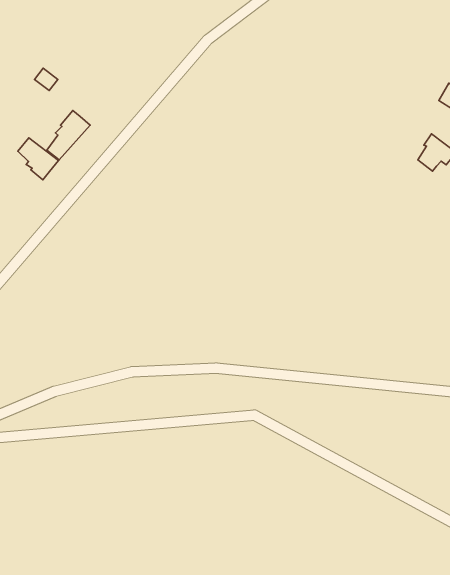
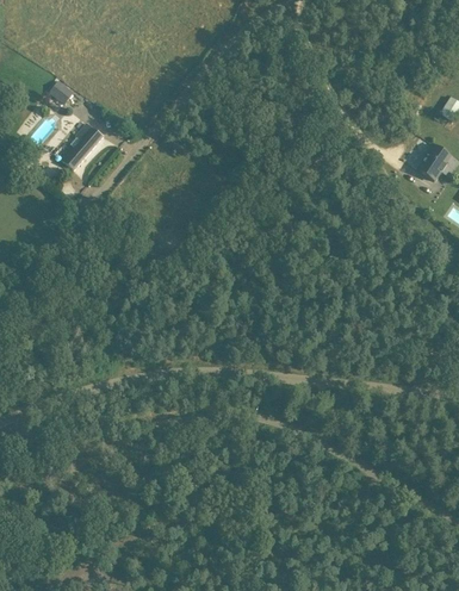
building: [18,138,59,180] -> none

